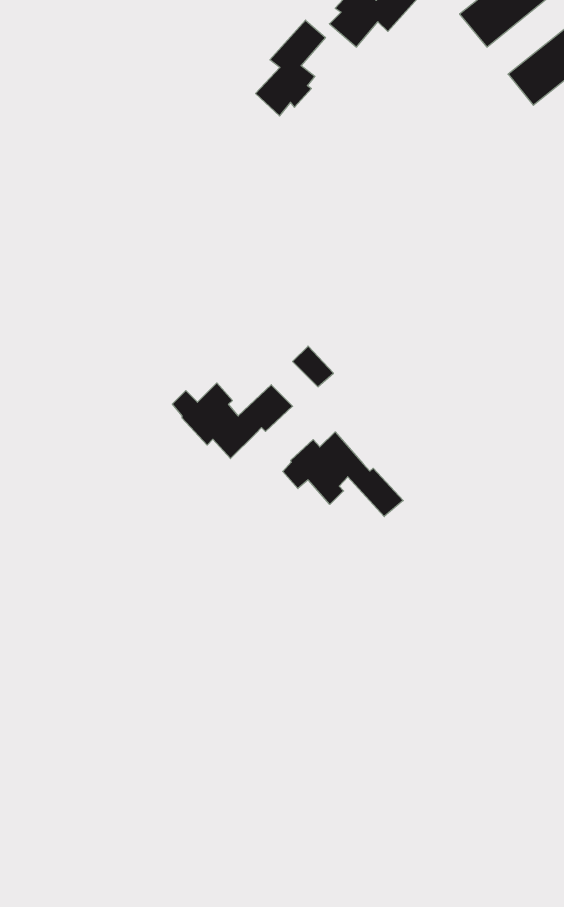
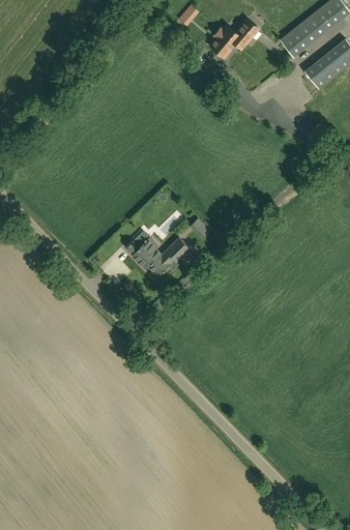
building: [256,20,325,116] -> none
building: [283,432,403,517] -> none

